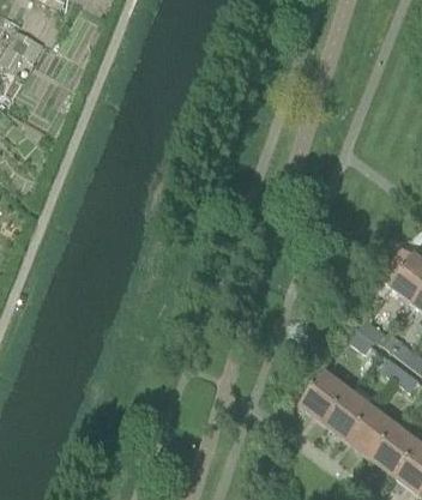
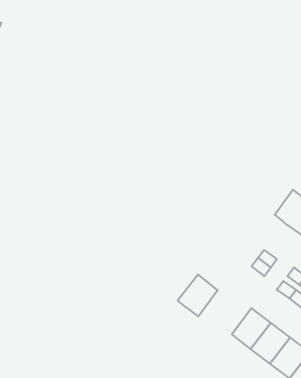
building: [301,372,350,423] -> [178,275,218,316]

